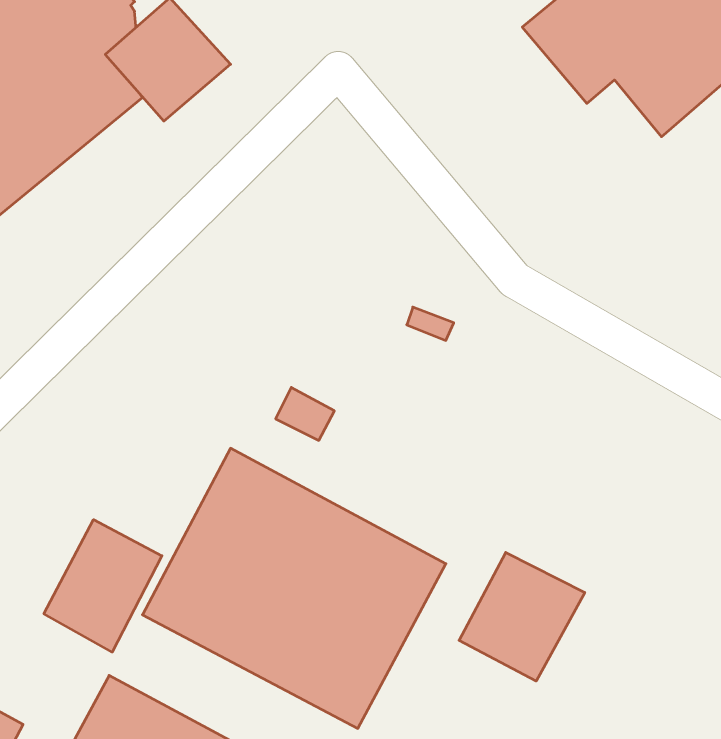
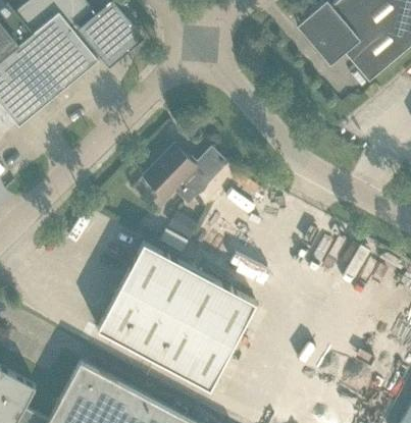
building: none -> [144,146,226,203]
building: [44,520,162,652] -> none
building: [459,552,585,681] -> none

